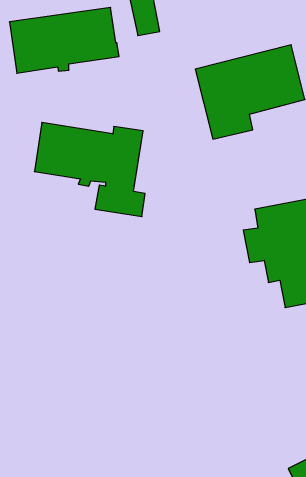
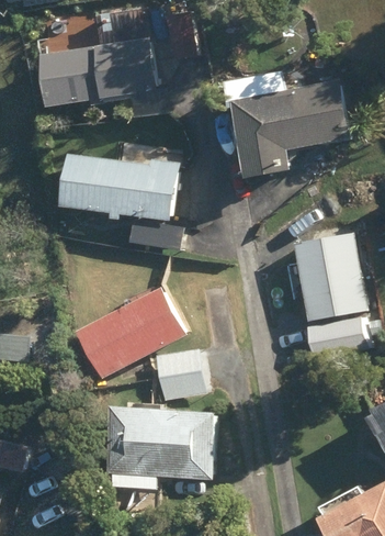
building: none -> [75,288,186,380]
building: none -> [154,350,203,401]
building: none -> [104,406,217,491]

